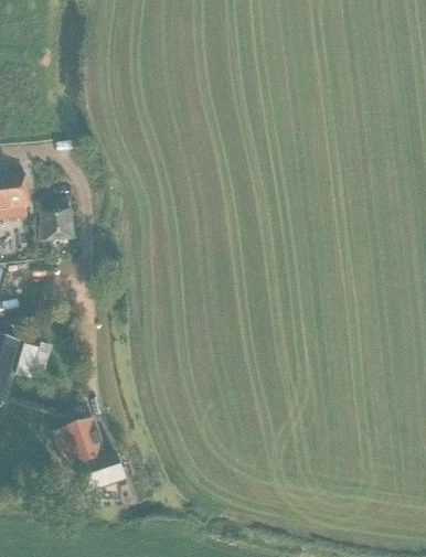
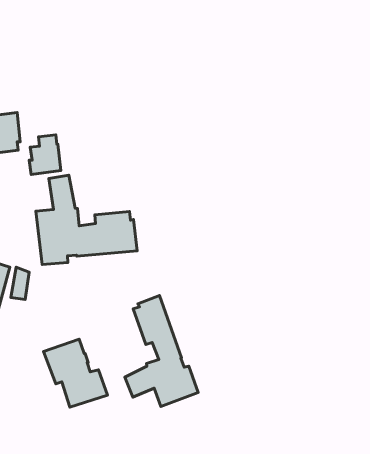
building: none -> [36,175,137,265]
building: none -> [125,296,198,406]

